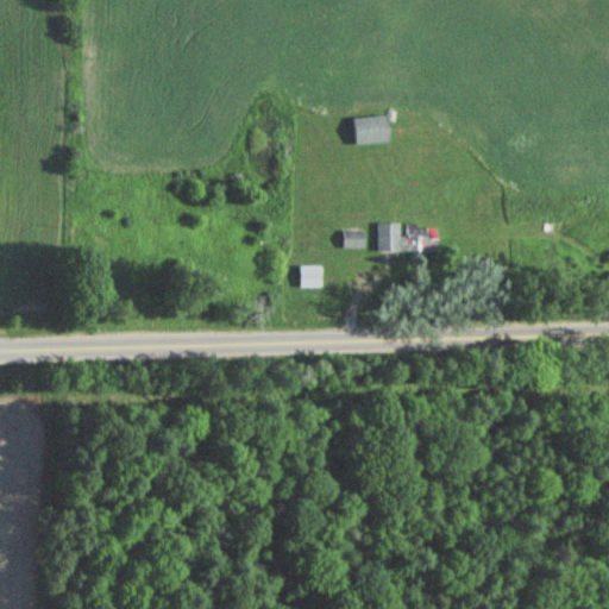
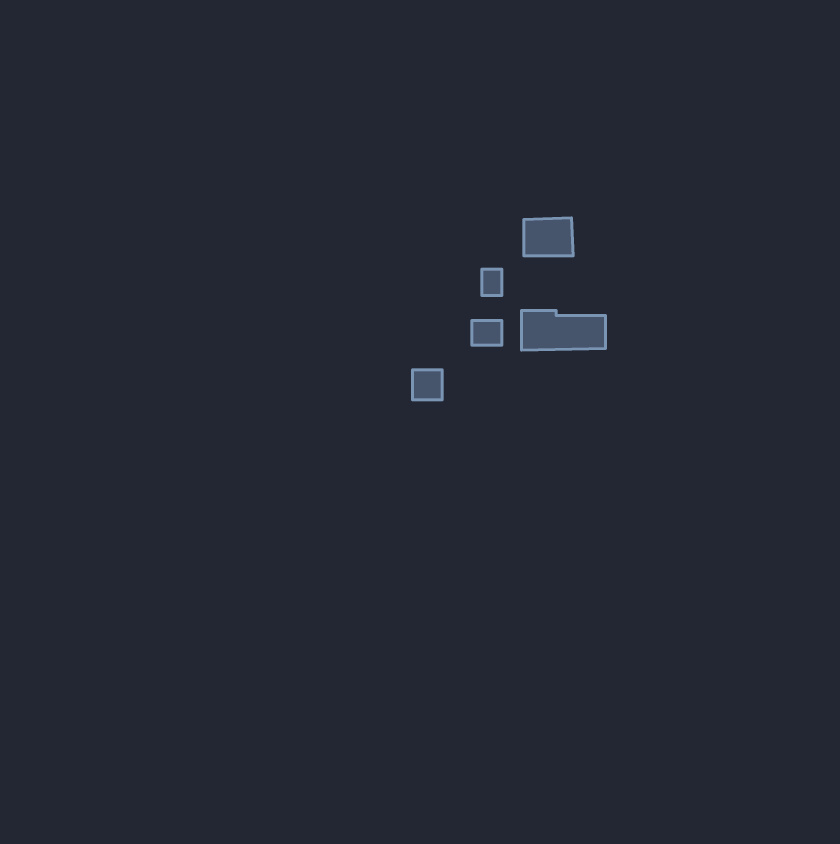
building: [352,117,388,144] -> [524,218,573,256]

